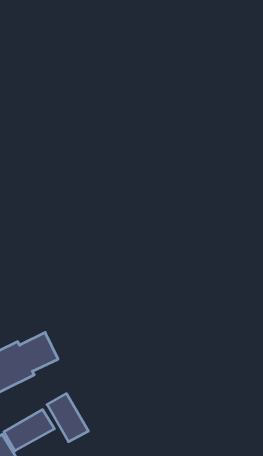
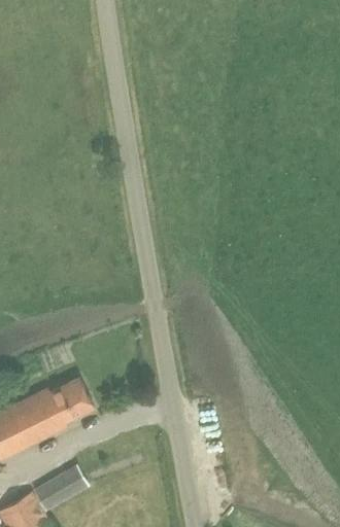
building: [47,394,88,442] -> none

